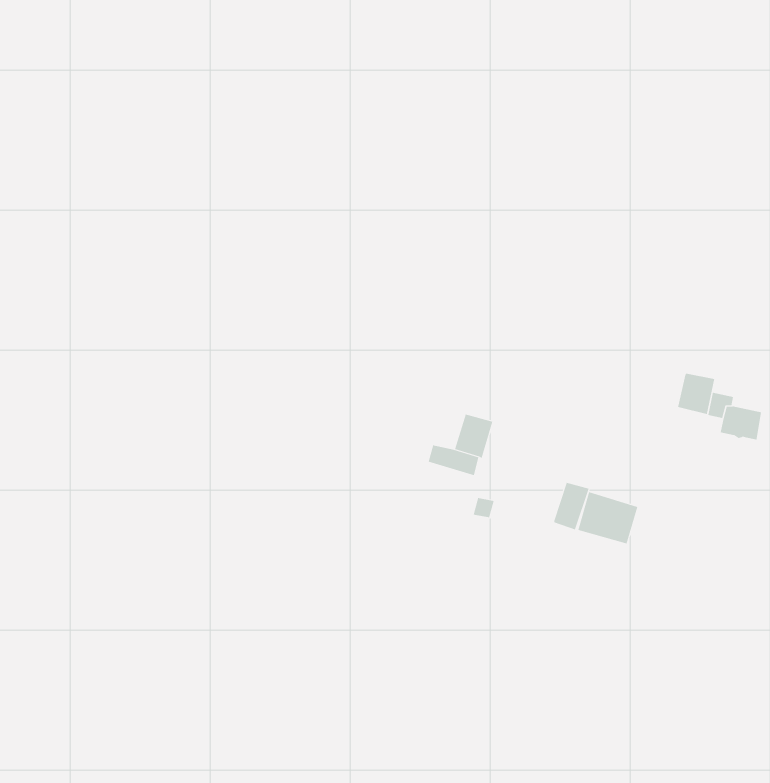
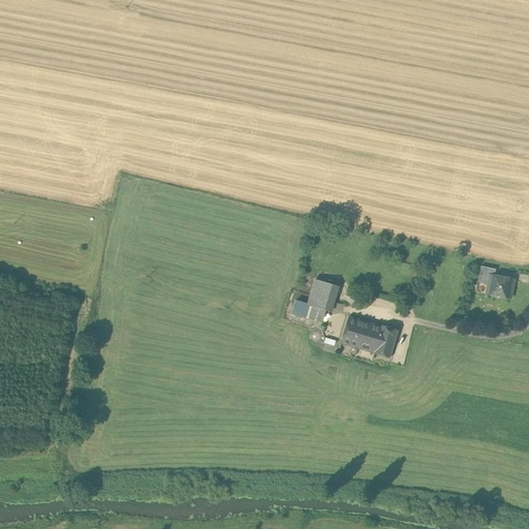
building: [678,373,715,415] -> none
building: [577,491,638,544] -> [342,316,382,351]

